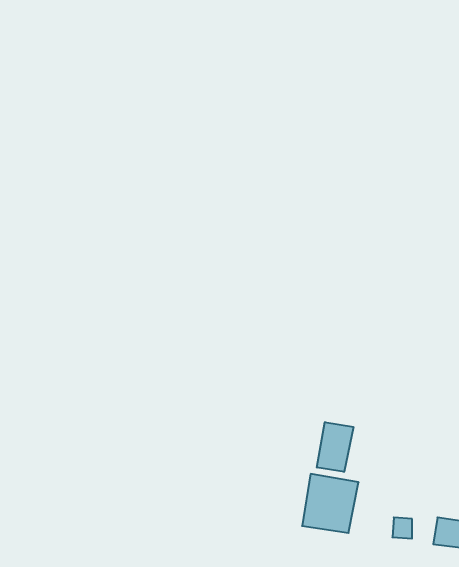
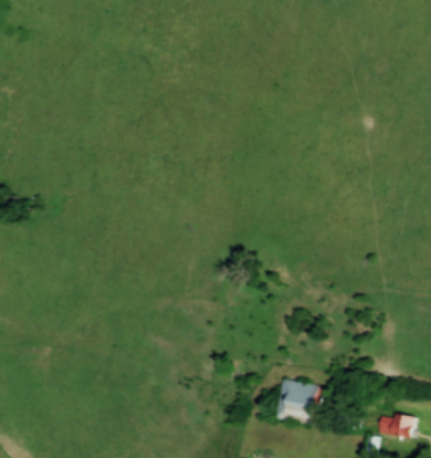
building: [317,422,353,472] -> none

